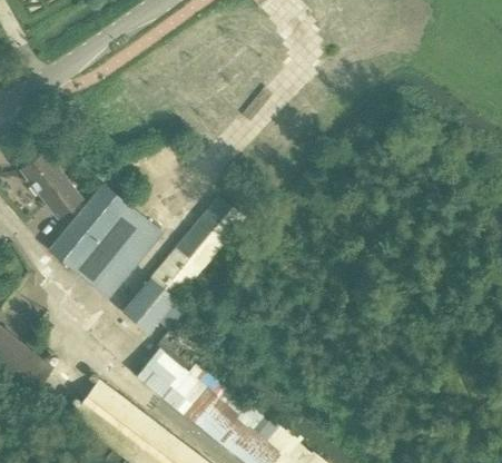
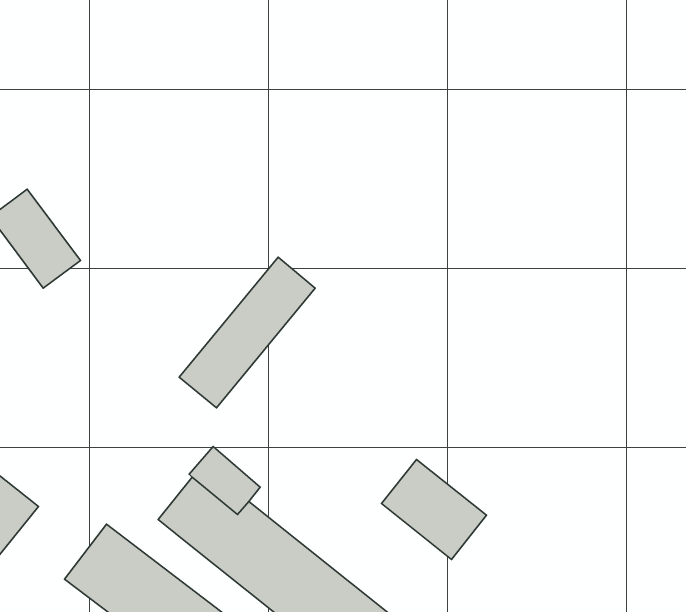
building: [50,184,163,297] -> none
building: [124,278,176,331] -> none
building: none -> [382,459,486,559]

